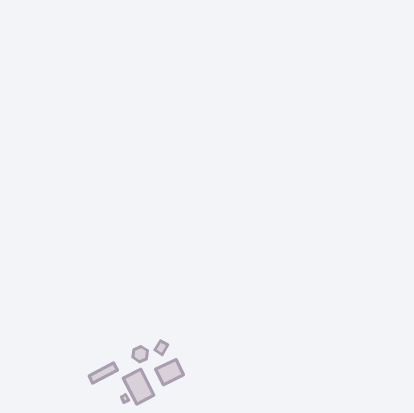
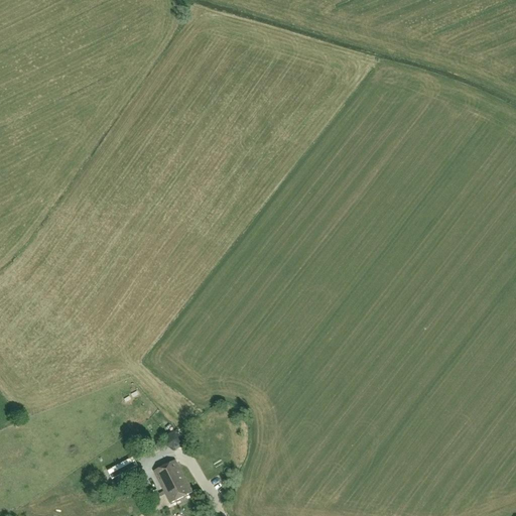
building: [155,360,183,385] -> none

